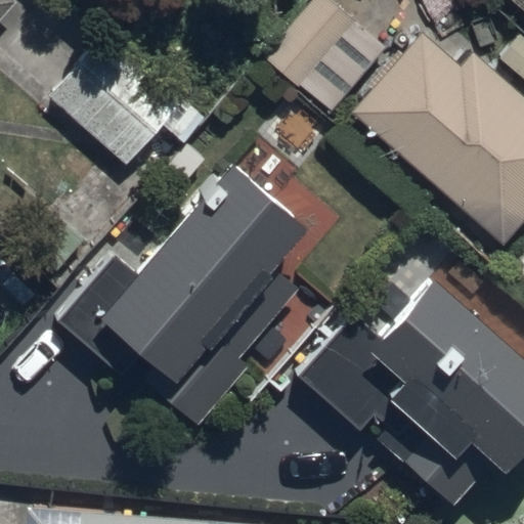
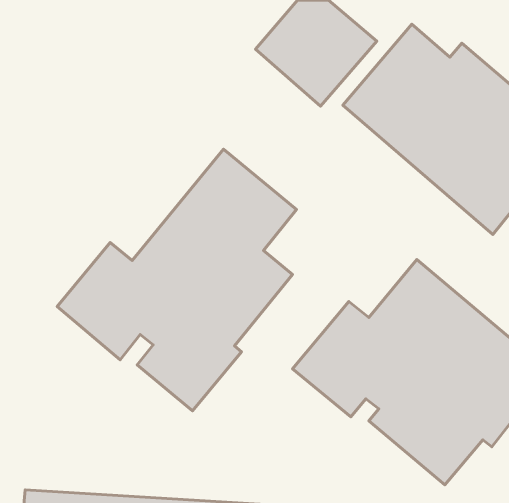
building: [49,26,193,169] -> none

